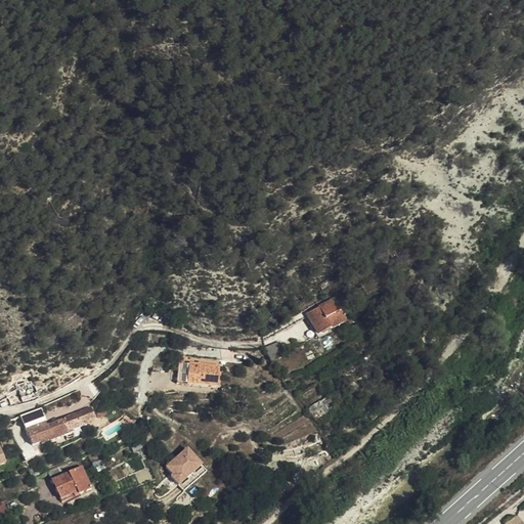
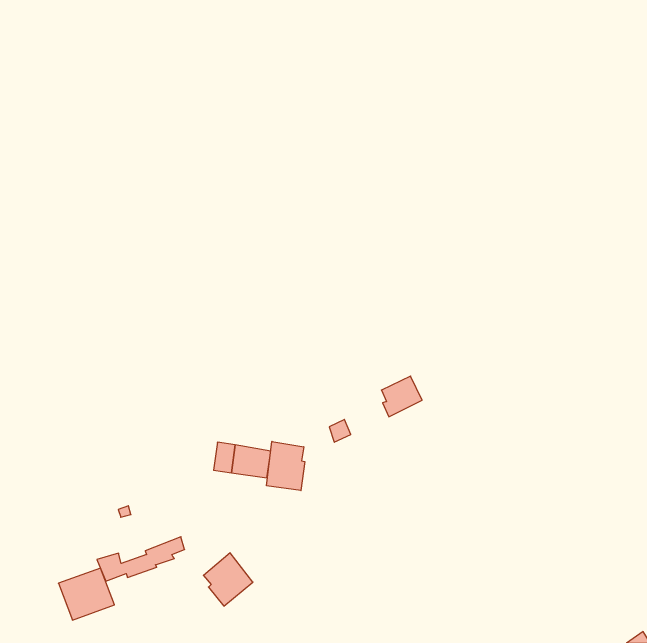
building: none -> [267,441,305,491]
building: [26,405,96,441] -> [97,537,185,581]

